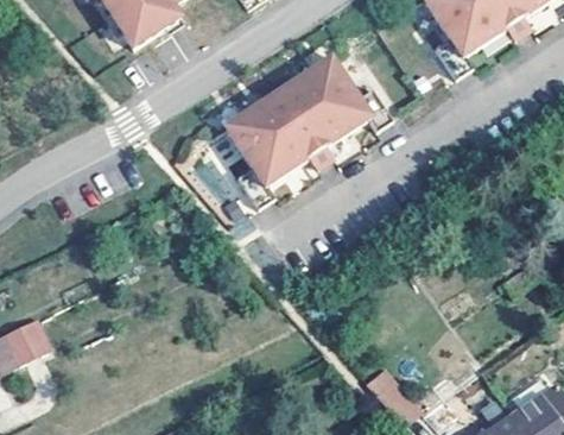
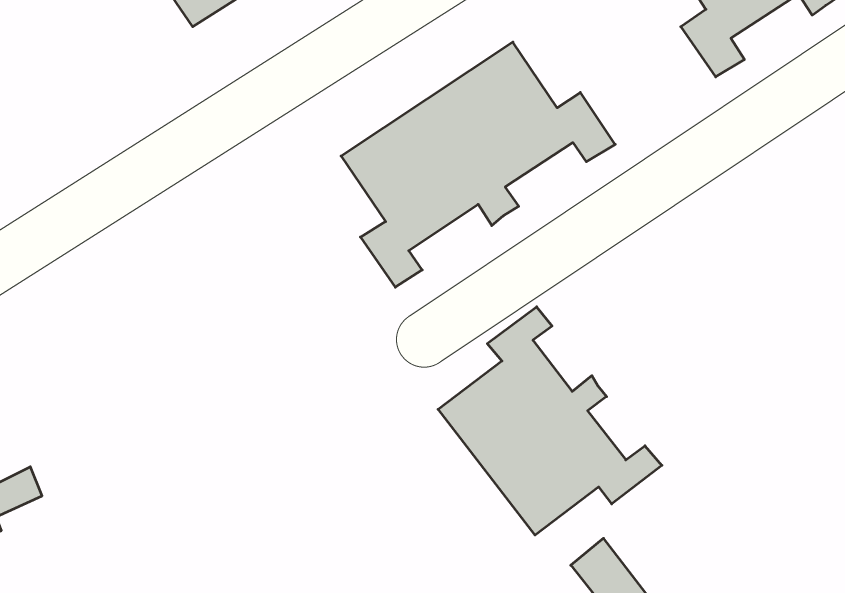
building: none -> [438,307,662,535]

